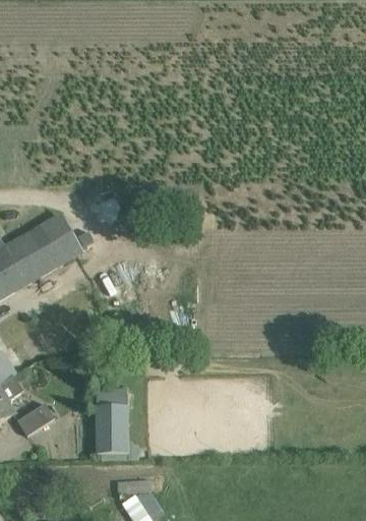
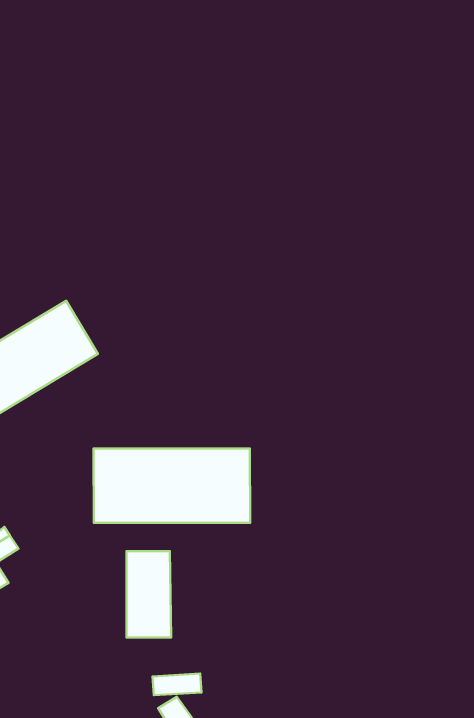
building: none -> [94,448,250,523]
building: [16,403,53,436] -> none

